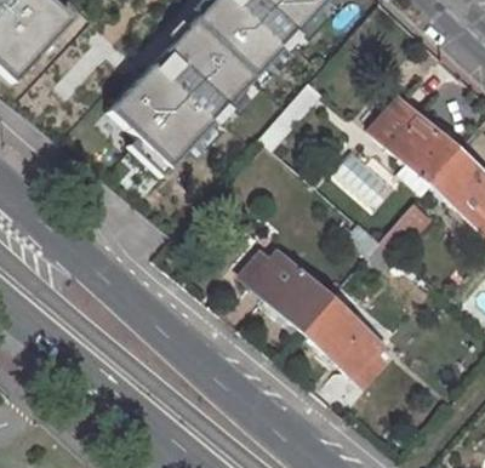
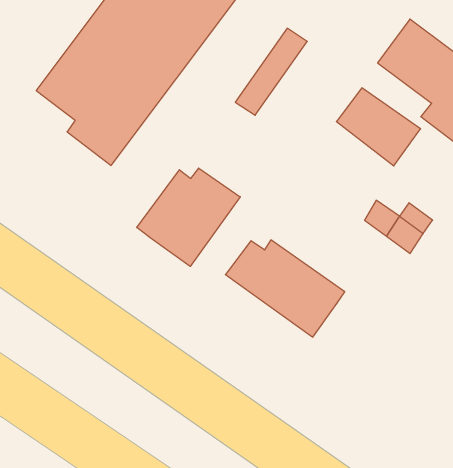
building: none -> [137,168,240,266]
building: [302,297,388,388] -> none

